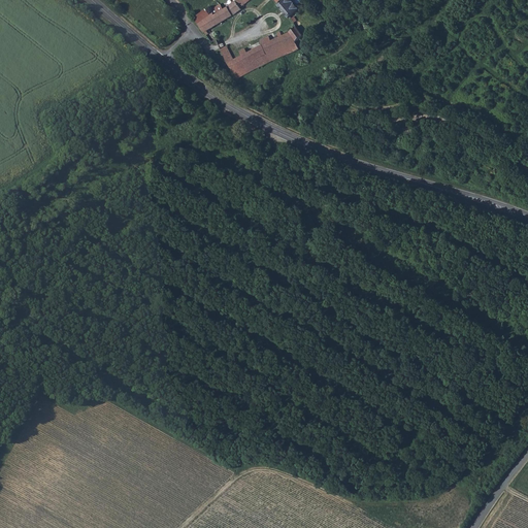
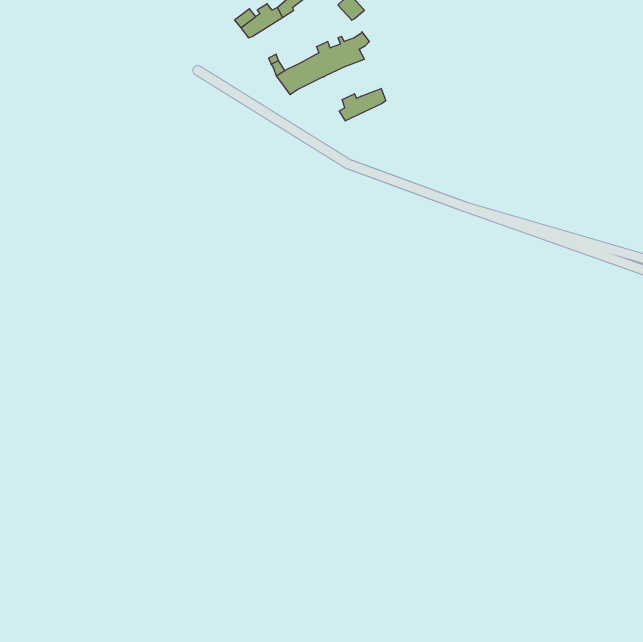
building: none -> [339,88,386,121]

